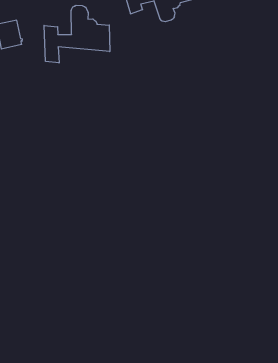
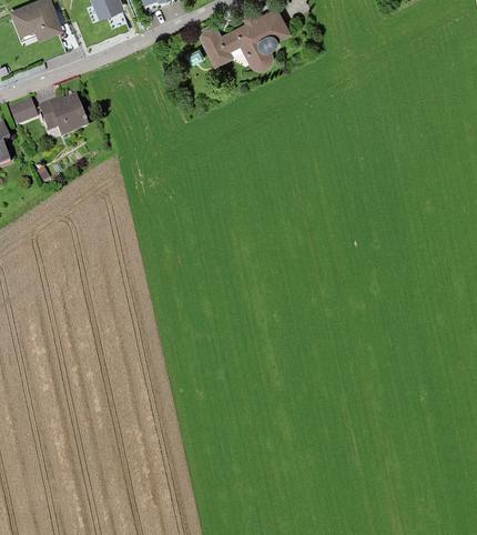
building: [44,5,110,63] -> none

